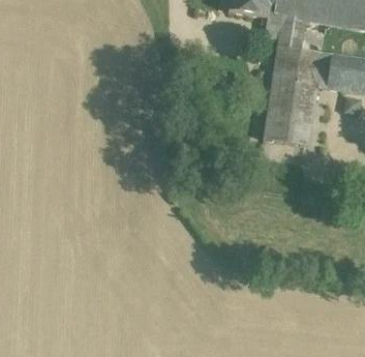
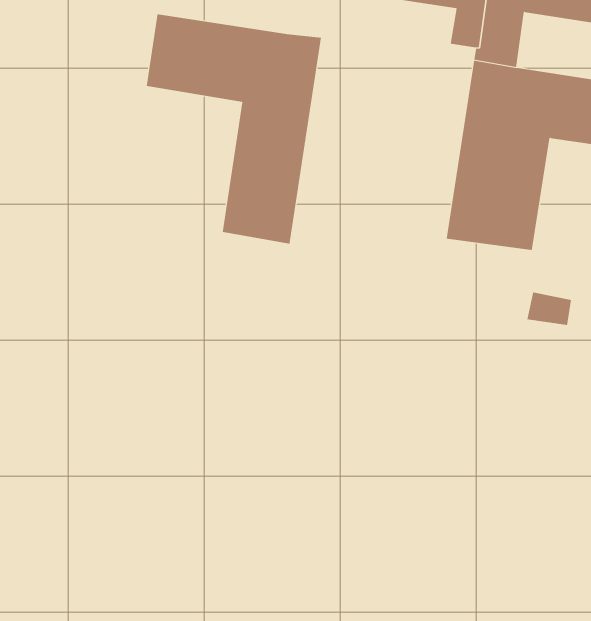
building: none -> [146,14,322,245]

